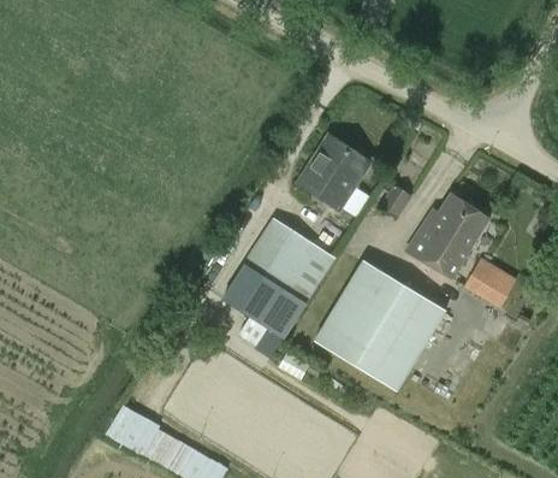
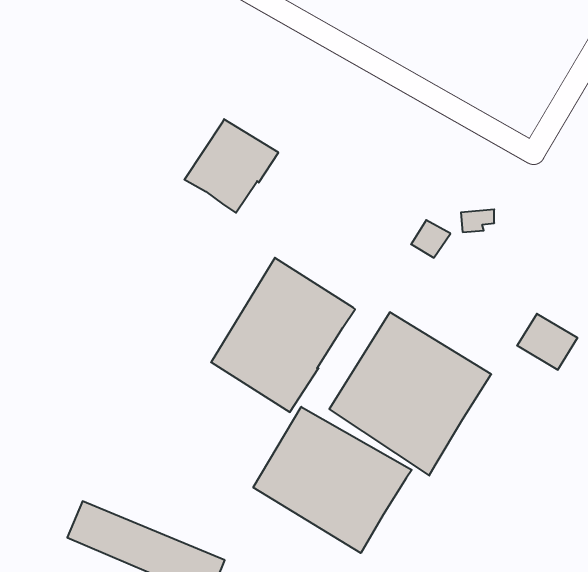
building: [296,136,370,211] -> [184,119,278,213]
building: [406,194,488,279] -> none
building: none -> [253,407,412,553]

